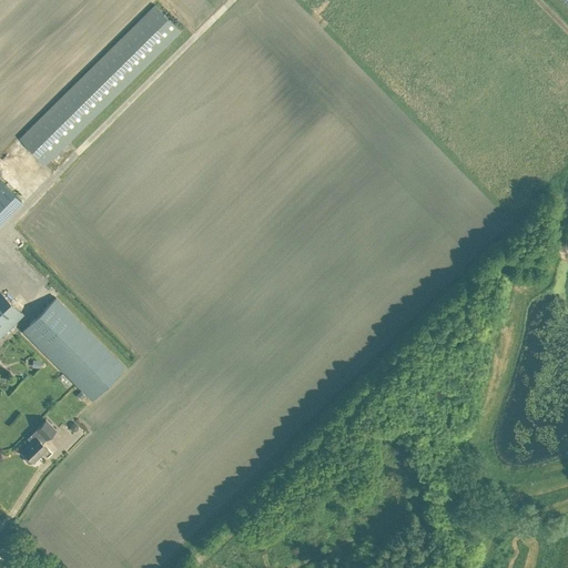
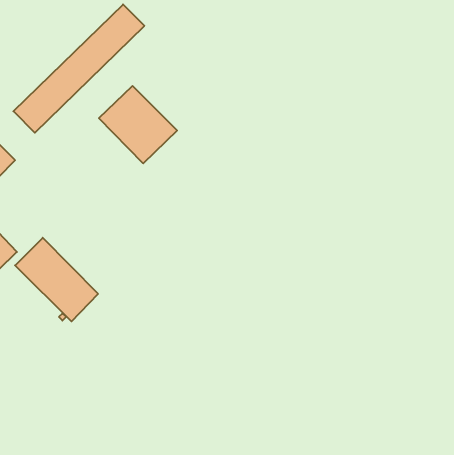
building: none -> [99,86,177,163]
building: [18,419,53,463] -> none

